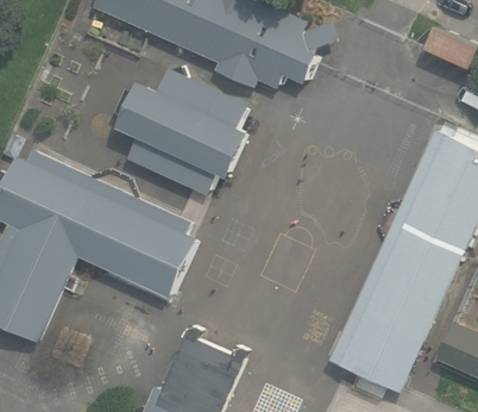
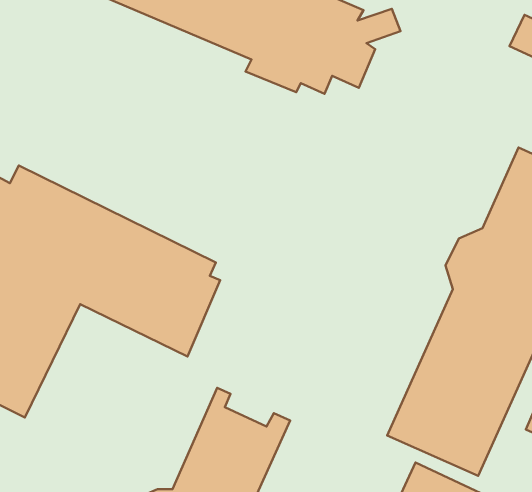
building: [115,68,246,195] -> none

